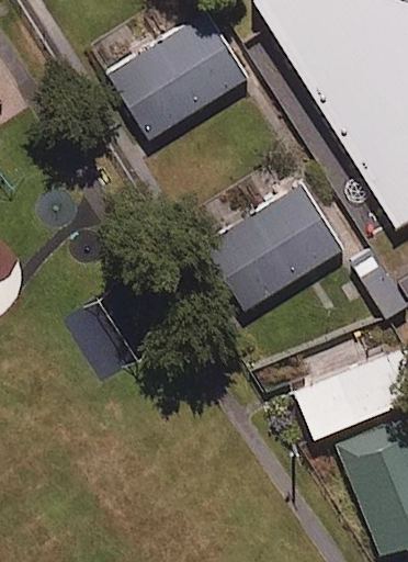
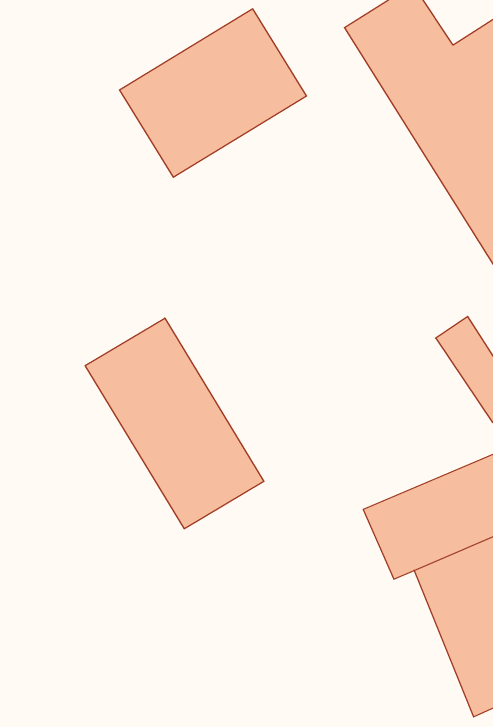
building: [207,183,344,308] -> none
building: none -> [85,318,264,529]

